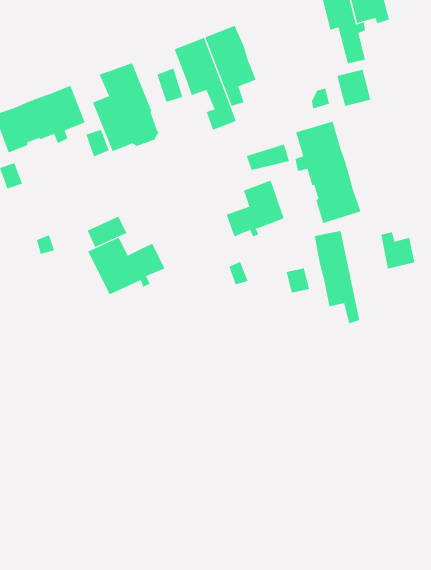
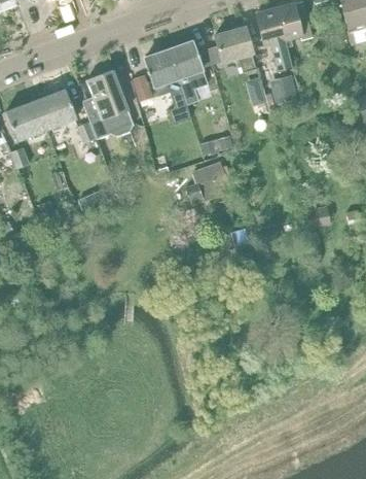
building: none -> [212,26,254,72]
building: [295,121,361,224] -> none
building: [314,230,360,324] -> none
building: [88,237,165,295] -> none

